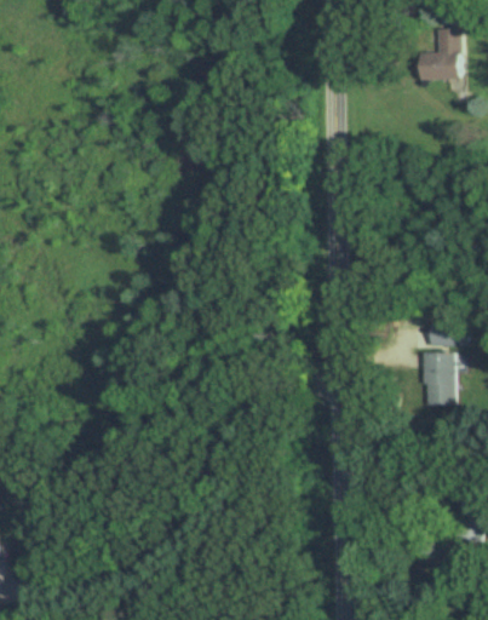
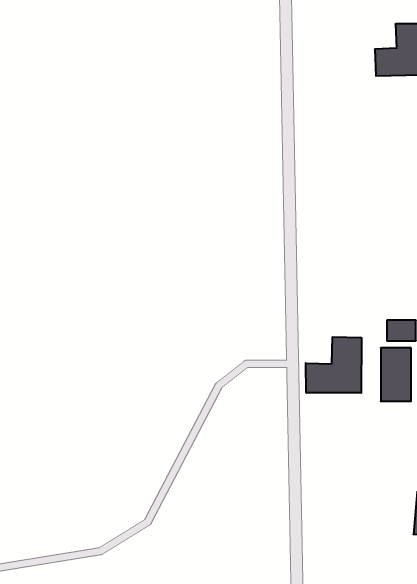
building: none -> [306,337,361,393]

